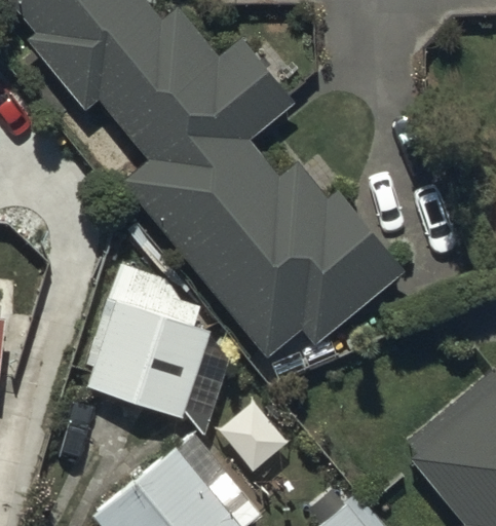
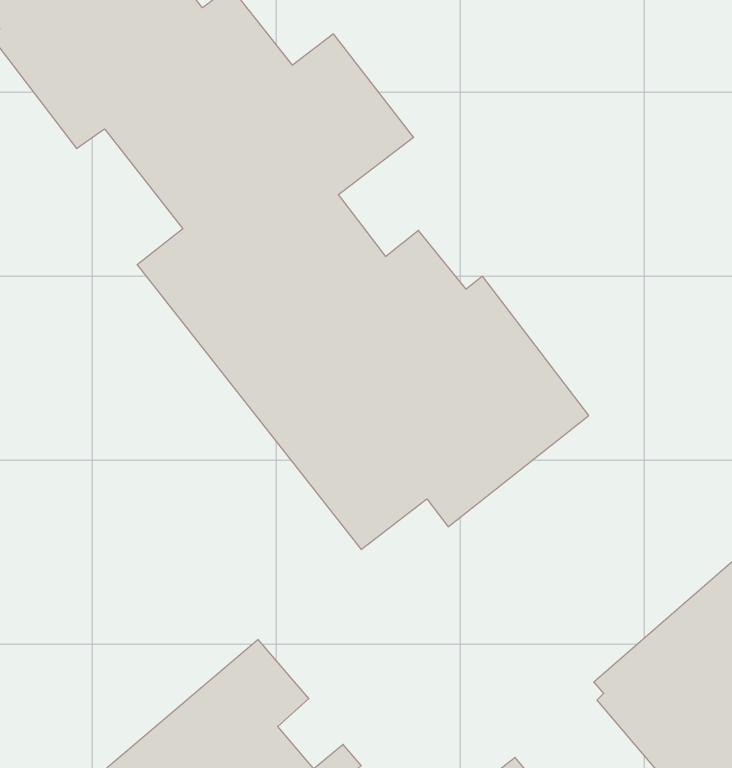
building: [84,269,231,421] -> none

